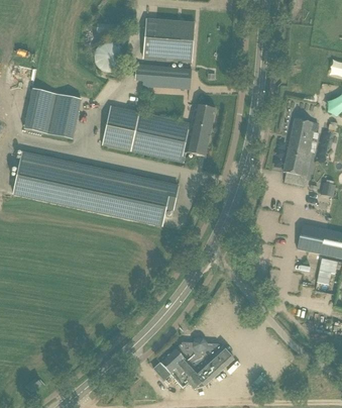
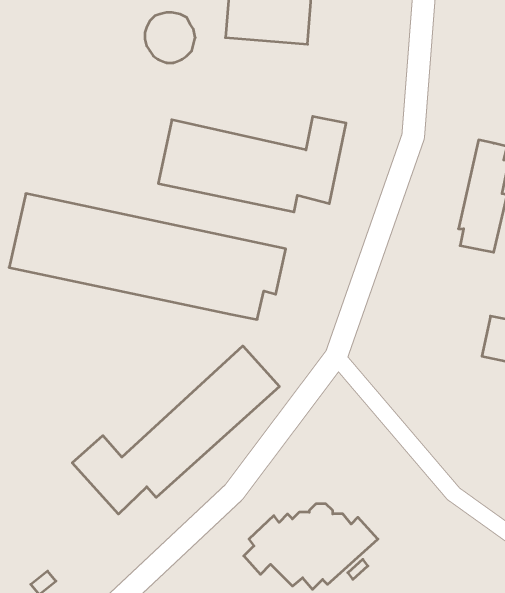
building: [136,65,192,88] -> none
building: [21,88,80,138] -> none
building: none -> [72,346,279,514]

